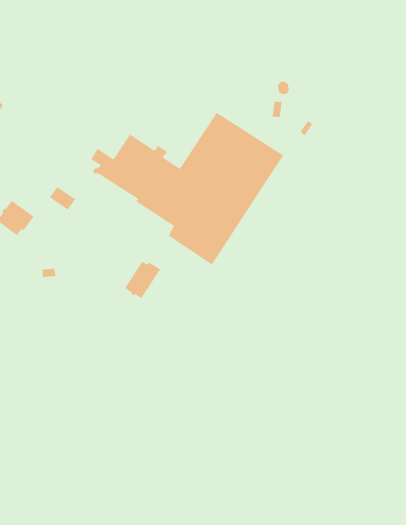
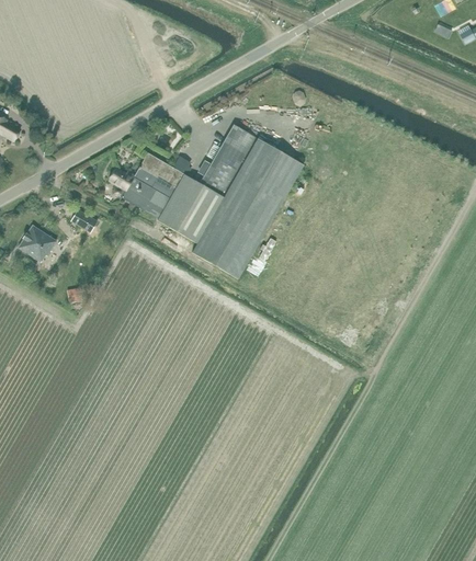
building: [124,261,161,299] -> none

